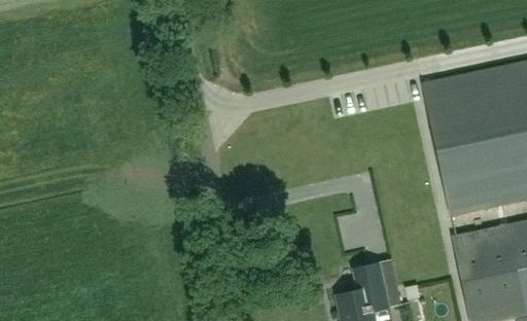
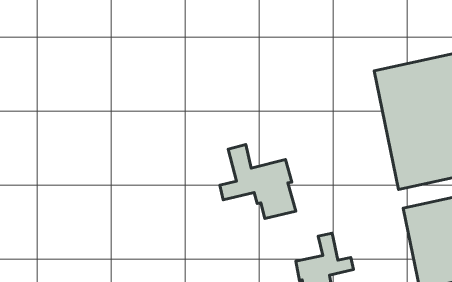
building: none -> [220,145,296,218]

